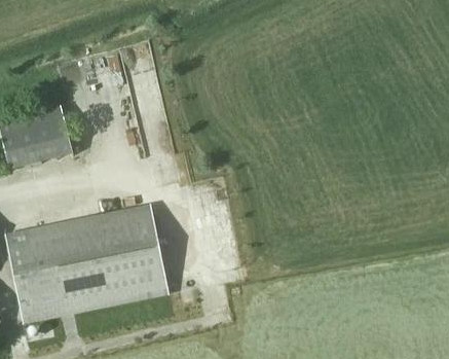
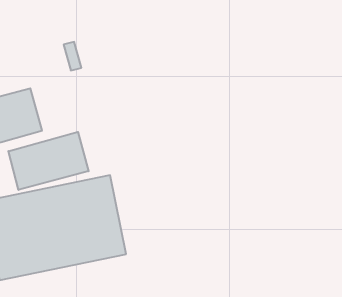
building: none -> [8,132,89,190]

